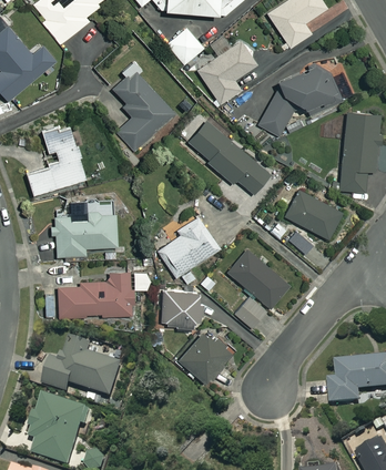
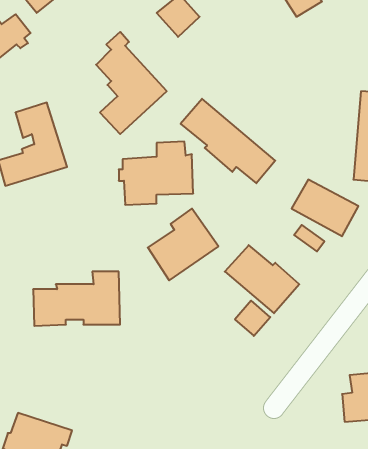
building: [197,40,257,103] -> none
building: [257,61,343,135] -> none
building: [52,201,118,256] -> [119,142,193,205]
building: [162,288,210,328] -> none
building: [177,330,234,382] -> none
building: [43,337,123,397] -> none

